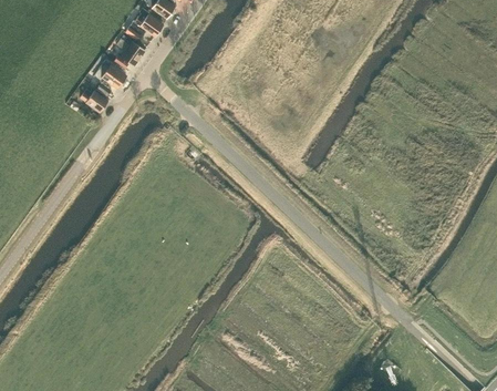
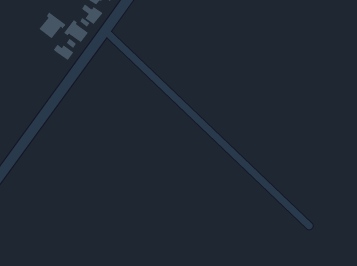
building: none -> [39,11,67,39]

